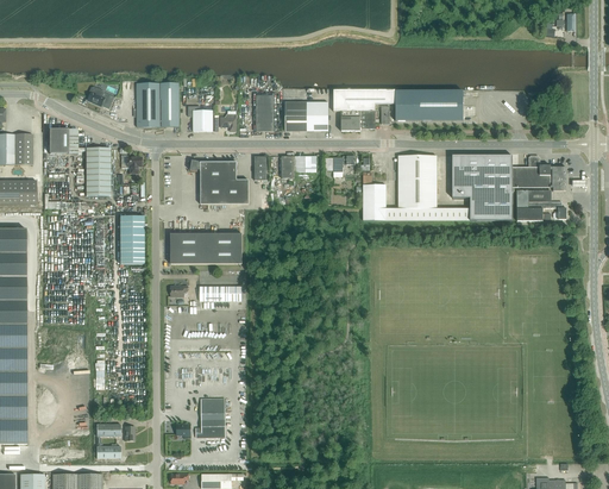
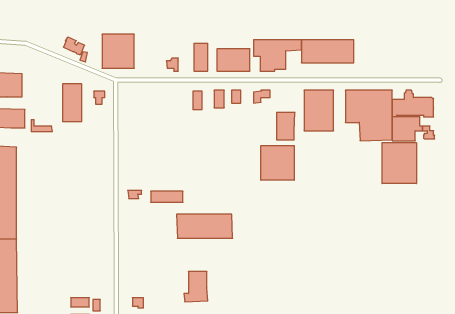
building: [187,105,212,131] -> none
building: [48,128,76,152] -> none
building: [189,159,247,203] -> none
building: [119,215,143,263] -> none
building: none -> [382,143,416,184]
building: none -> [261,146,294,180]
building: [169,232,241,263] -> [177,214,233,238]
building: [194,397,225,437] -> [184,272,208,302]

